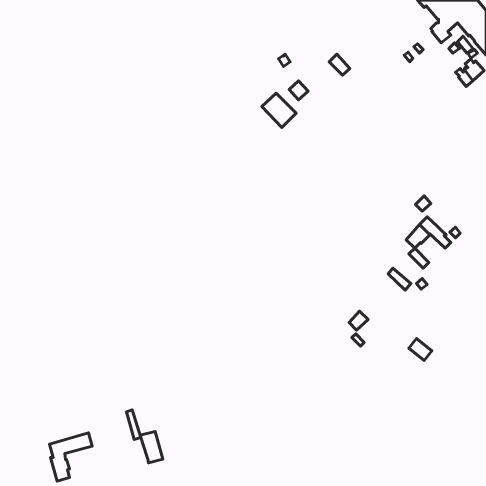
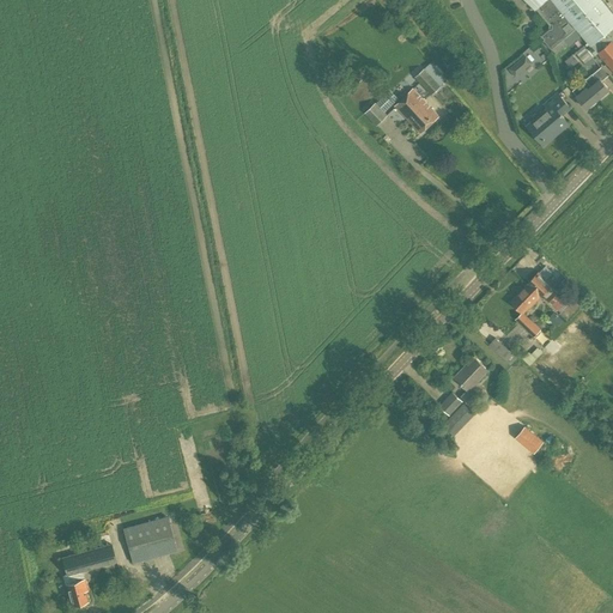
building: none -> [527,93,570,145]
building: [262,93,296,128] -> [395,90,438,133]
building: none -> [455,358,487,405]
building: [140,431,163,463] -> [122,523,151,563]

